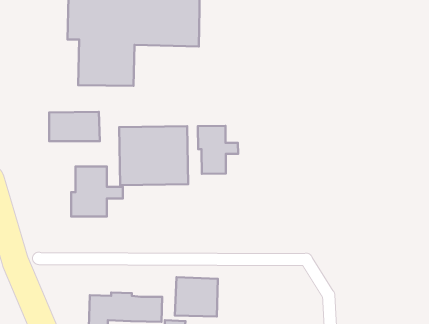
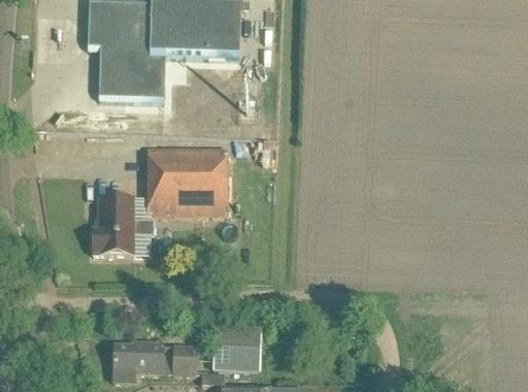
building: [49,112,100,141] -> none
building: [198,126,238,174] -> none

